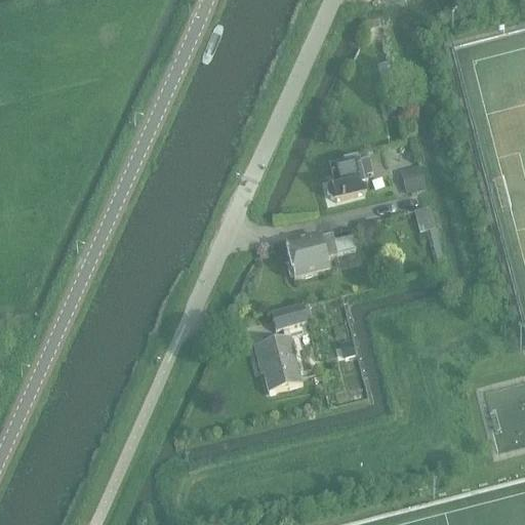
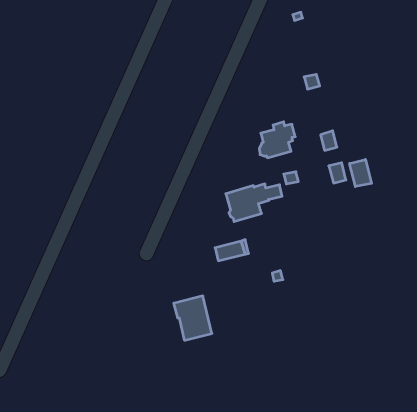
building: none -> [350,159,372,187]
building: [254,334,302,390] -> [174,296,212,340]

